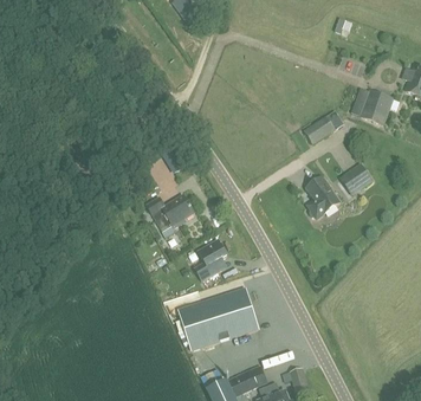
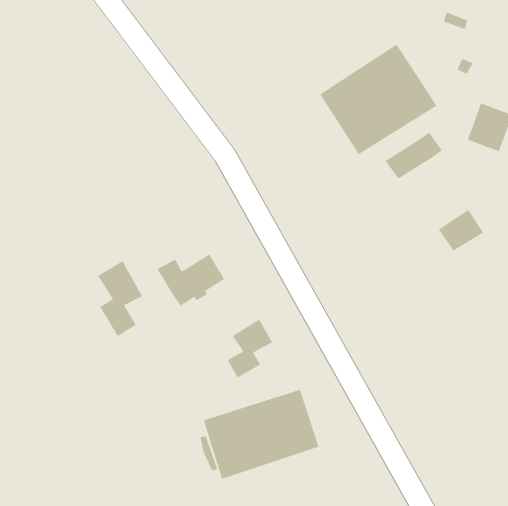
building: none -> [319,43,438,155]
building: [305,175,338,216] -> none
building: none -> [97,260,143,337]

